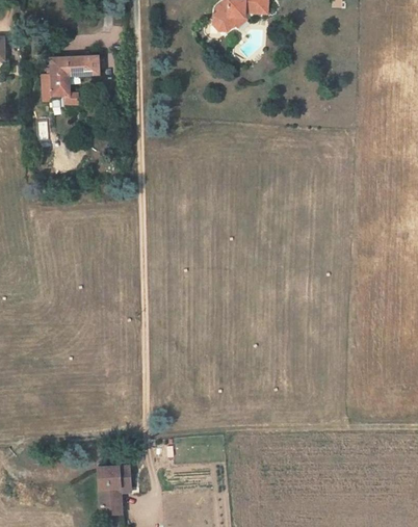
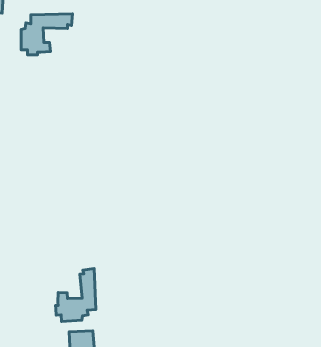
building: none -> [56,268,96,321]

